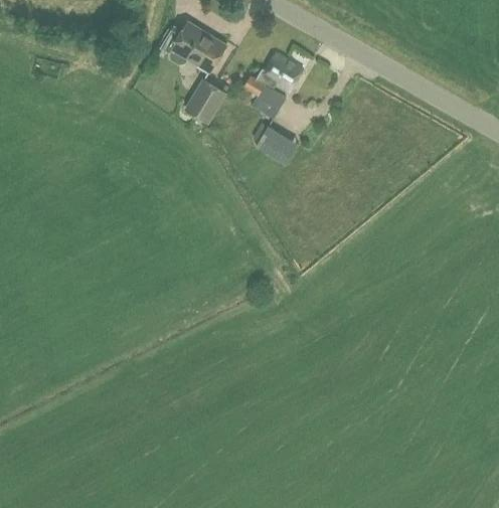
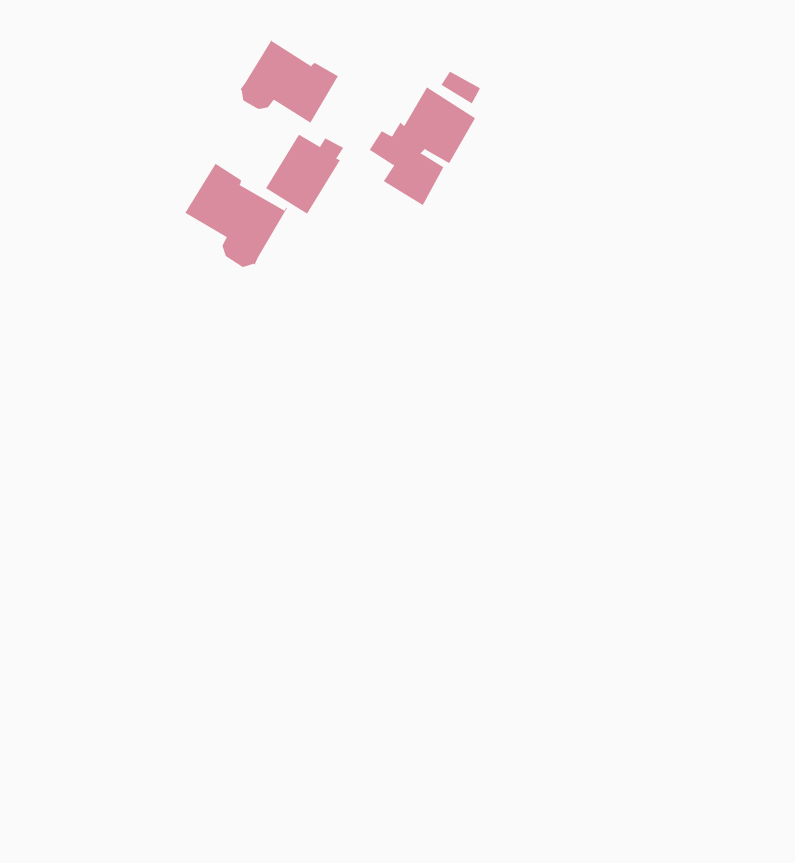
building: none -> [185,163,288,268]
building: [255,125,299,165] -> none

